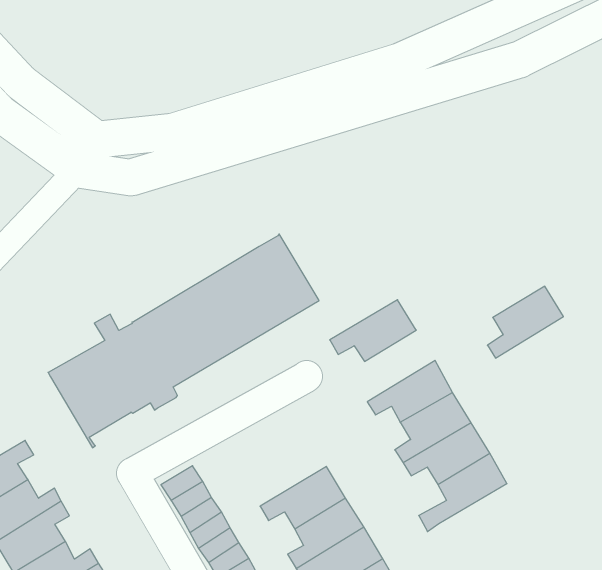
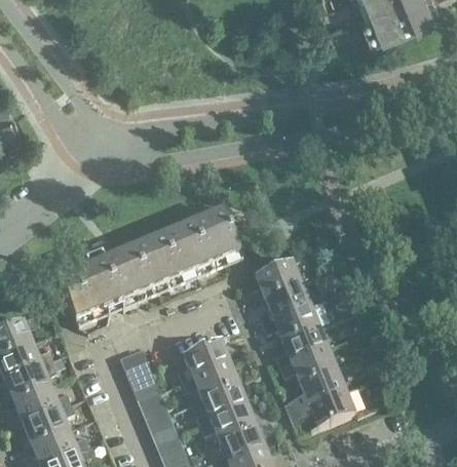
building: [487,286,563,358] -> [257,279,309,321]
building: none -> [177,338,228,379]
building: none -> [288,388,353,425]

